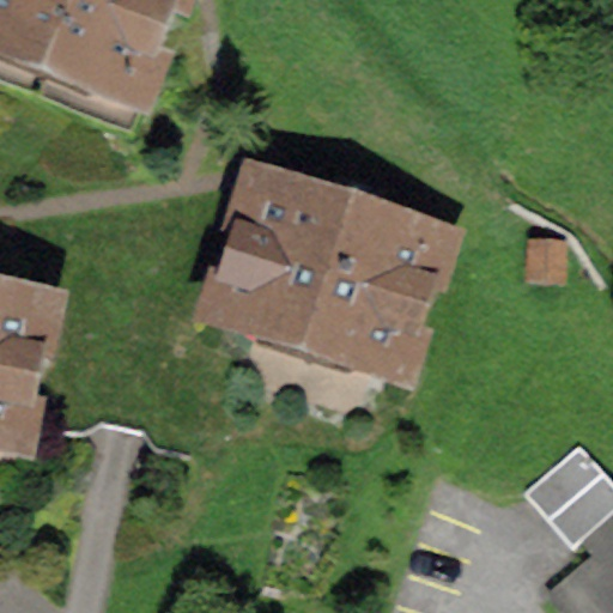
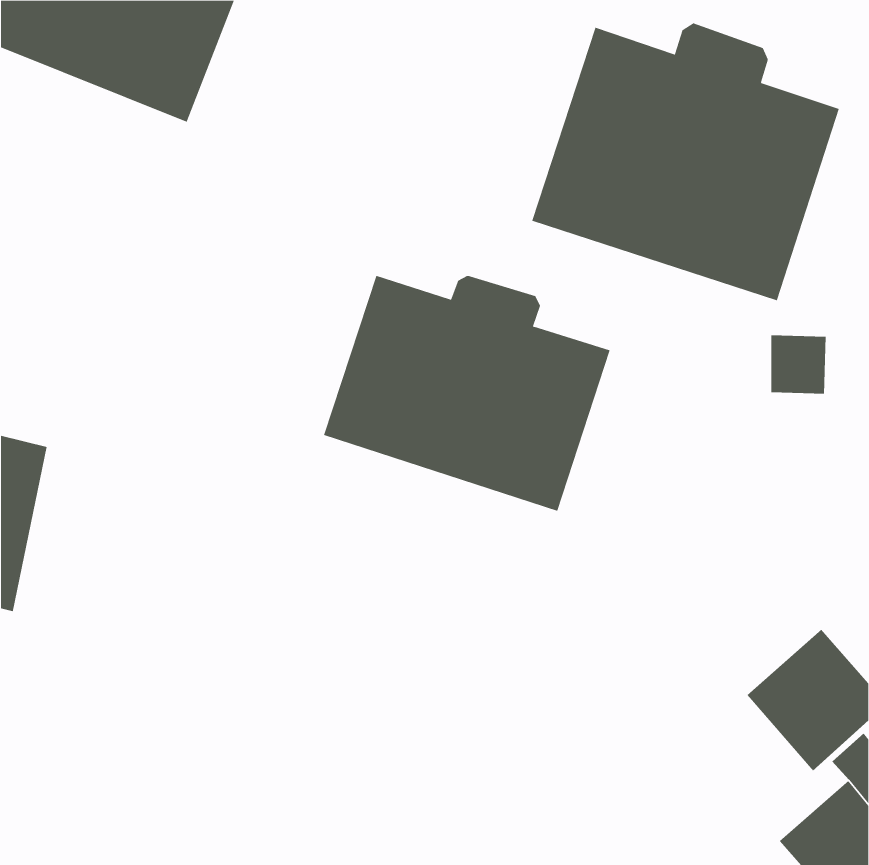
building: none -> [532,23,840,301]

